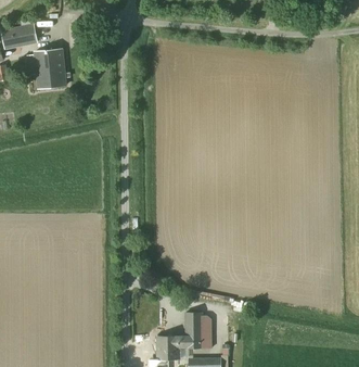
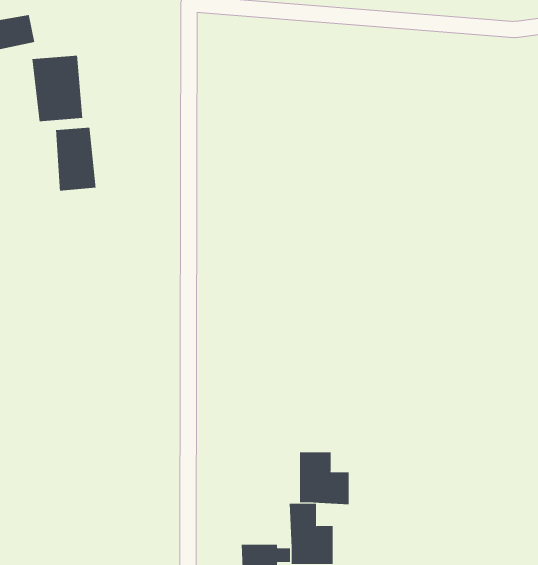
building: none -> [55,127,96,192]
building: none -> [299,451,349,505]

